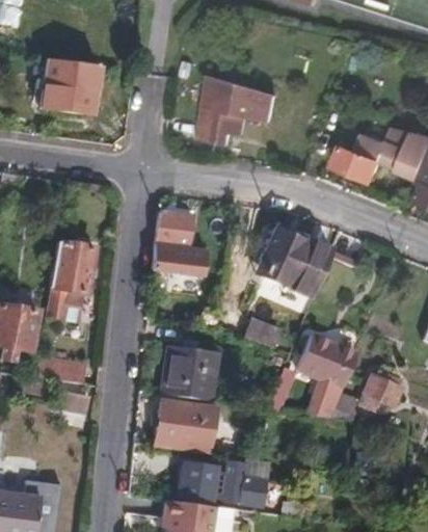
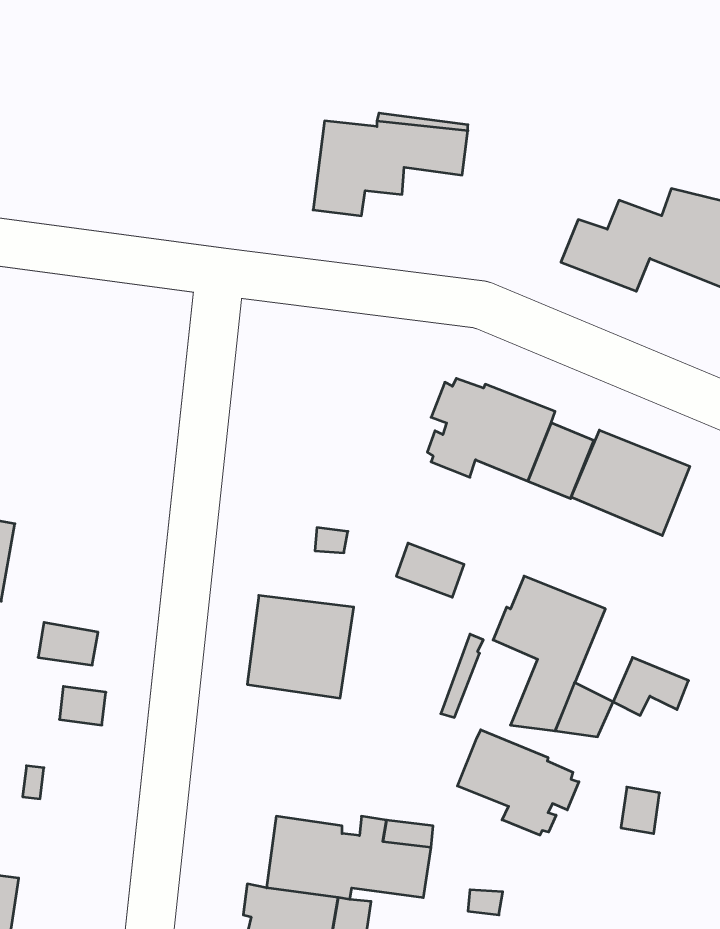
building: [42,60,101,115] -> none
building: [156,204,193,274] -> none
building: [47,244,93,319] -> none
building: none -> [571,430,690,536]
building: [156,400,213,451] -> none
building: none -> [457,730,579,835]

